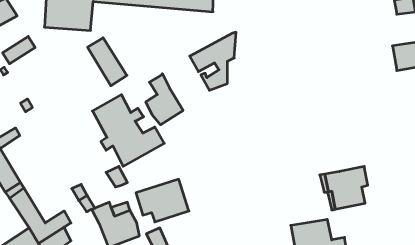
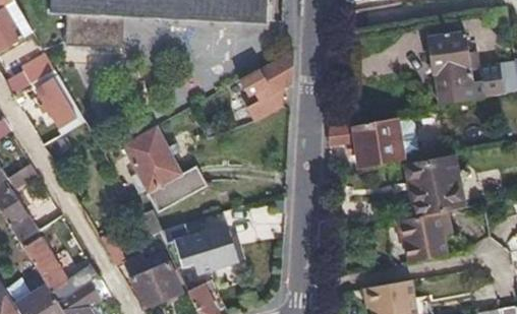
building: none -> [427,34,467,96]
building: [88,38,127,86] -> [30,80,76,137]
building: [146,74,183,125] -> none
building: none -> [330,119,417,162]
building: none -> [405,154,467,216]

